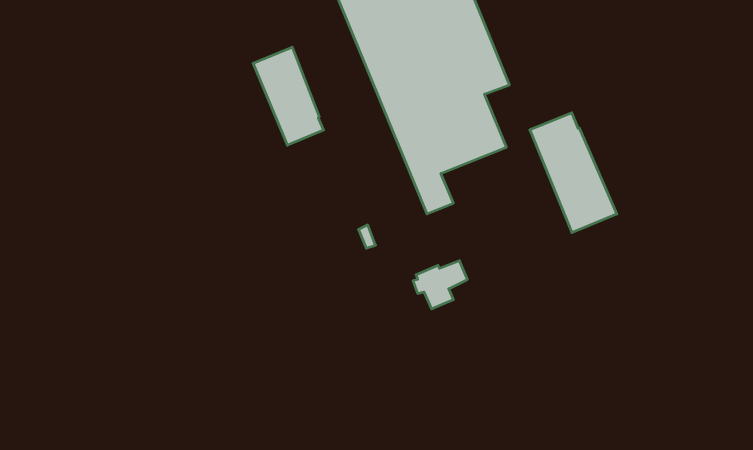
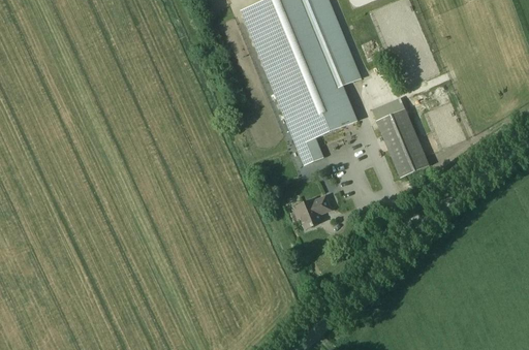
building: [253,47,324,145] -> none

